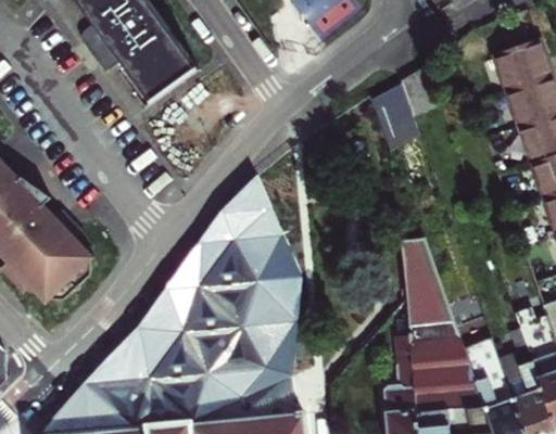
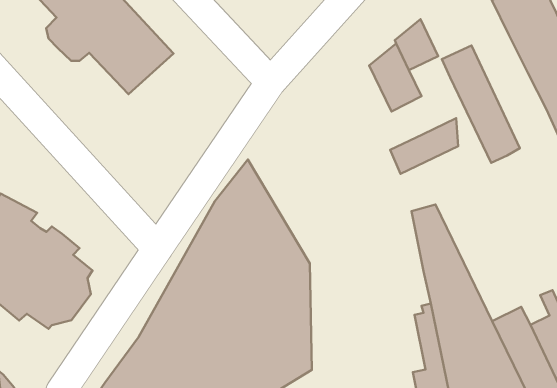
building: none -> [442,45,520,163]
building: none -> [390,118,458,174]

